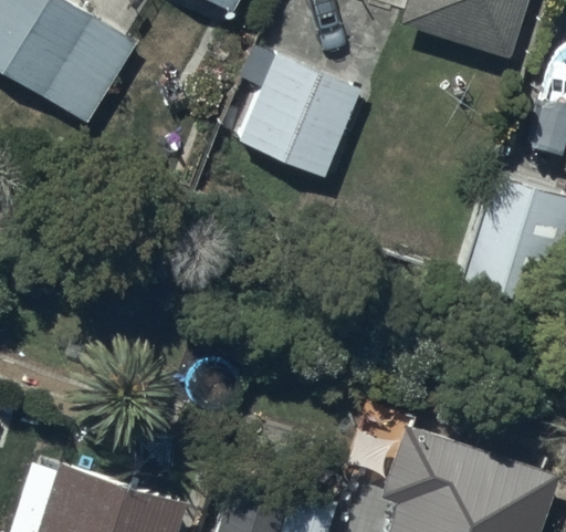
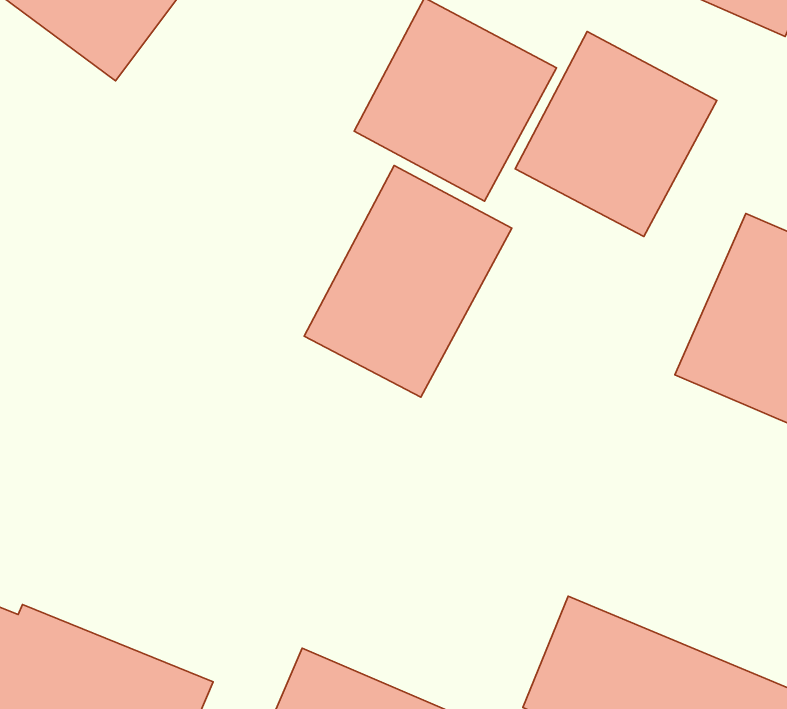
building: none -> [515,31,717,236]
building: none -> [304,165,512,397]

